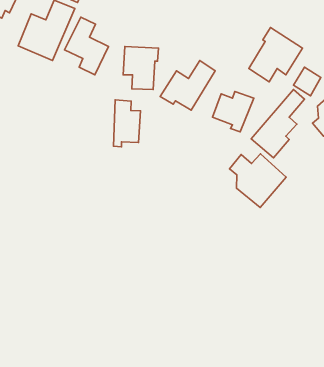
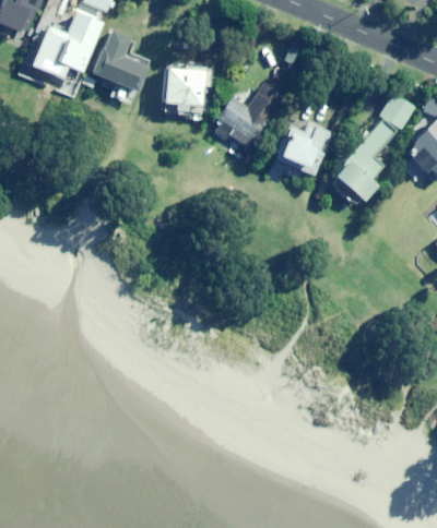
building: [249,28,303,82] -> none
building: [113,100,140,147] -> none
building: [230,154,286,207] -> none

